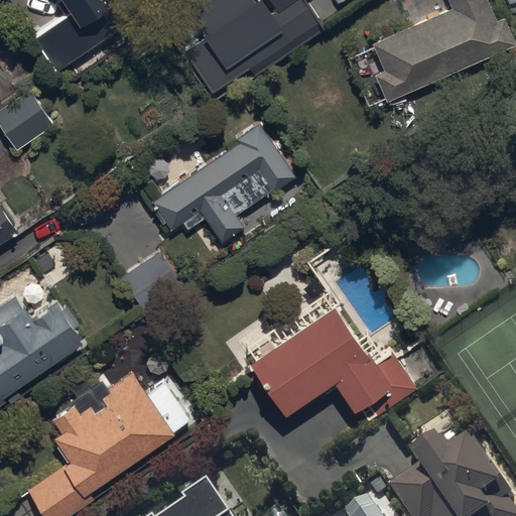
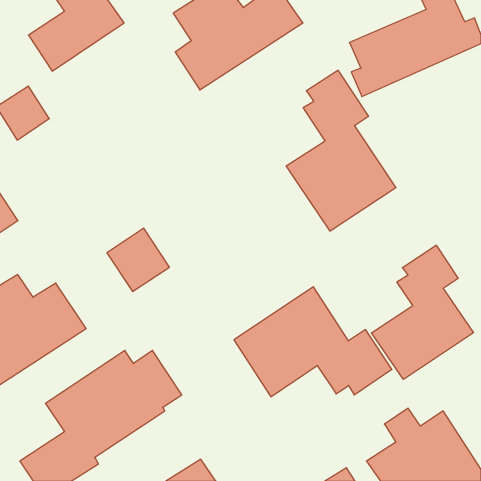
building: none -> [286,70,396,231]
building: [146,124,295,246] -> none
building: none -> [372,245,474,379]

